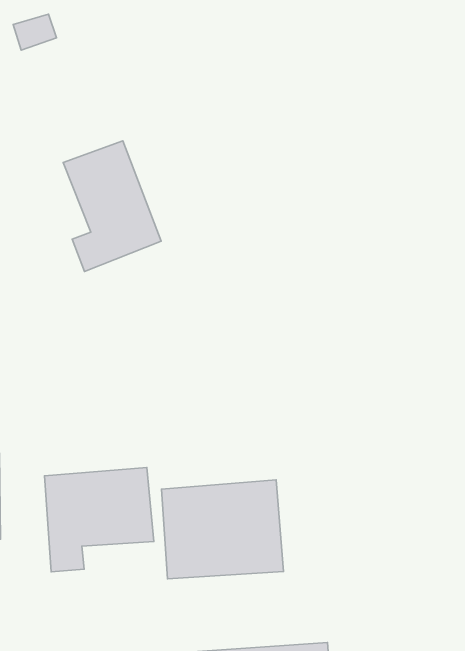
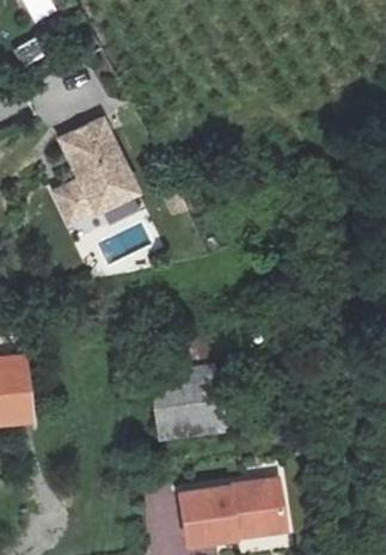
building: [44,468,154,572] -> none

